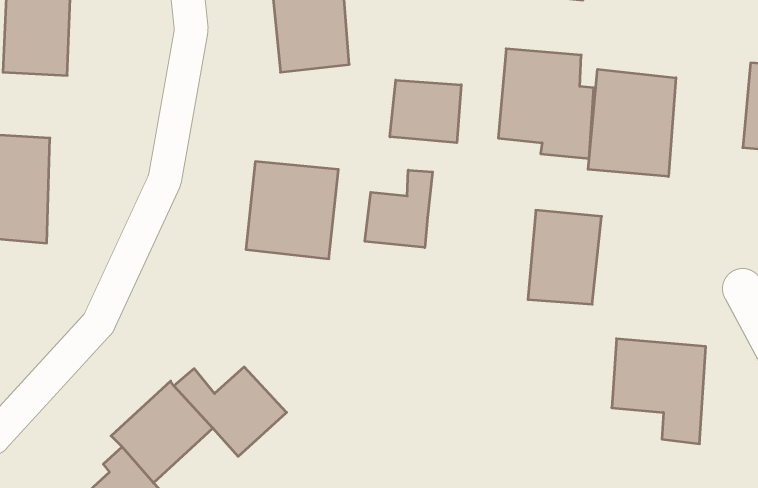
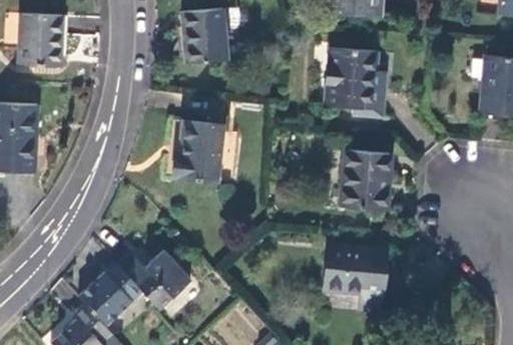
building: [588,69,676,177] -> none
building: [390,80,461,143] -> none
building: [365,170,433,248] -> none
building: [612,339,706,444] -> [326,244,386,311]

